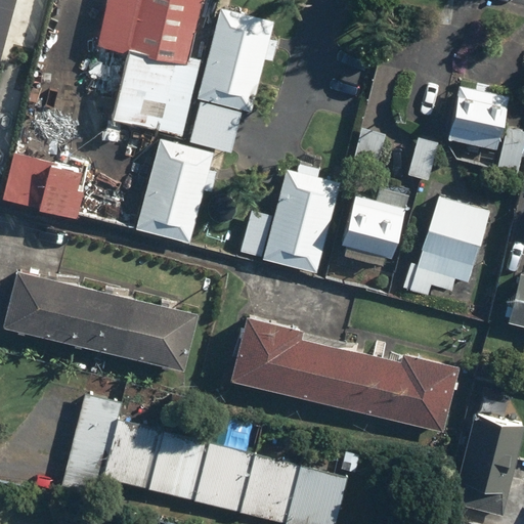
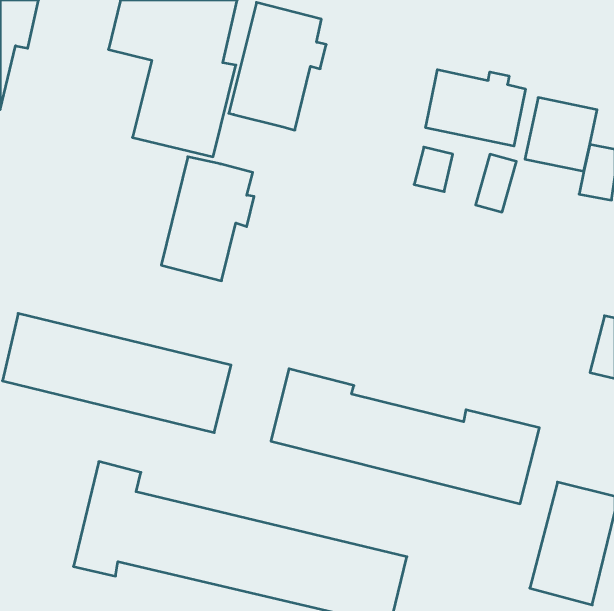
building: none -> [426,70,525,146]
building: [189,102,241,154] -> none
building: [10,158,85,215] -> none
building: [241,160,340,271] -> none
building: [338,188,408,269] -> none
building: [396,195,485,295] -> none

